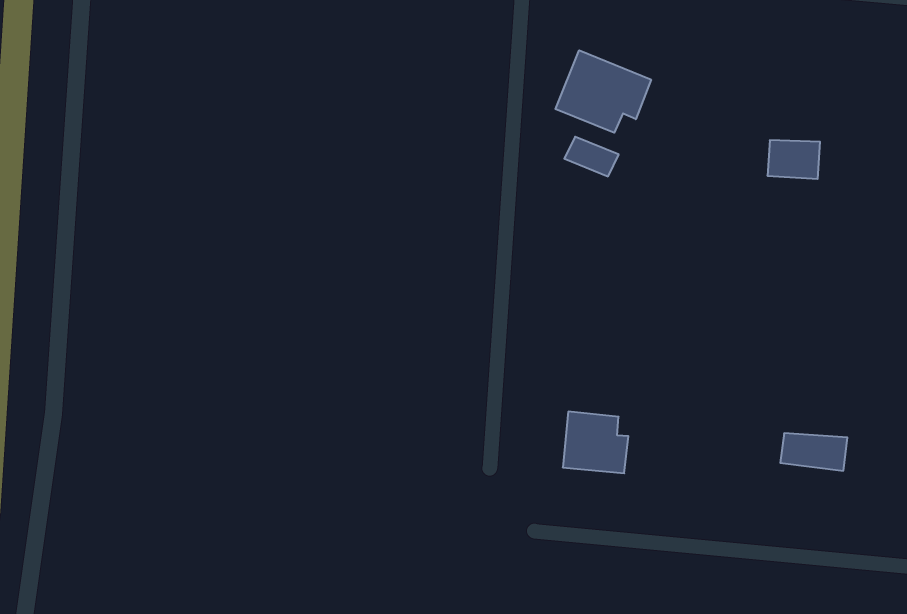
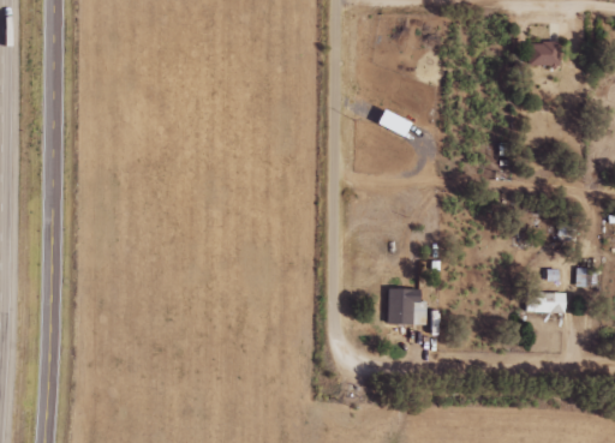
building: [555,50,651,133] -> none
building: [767,140,820,179] -> [529,41,561,65]

